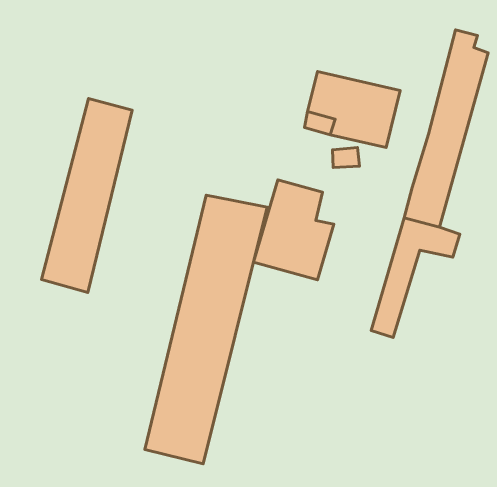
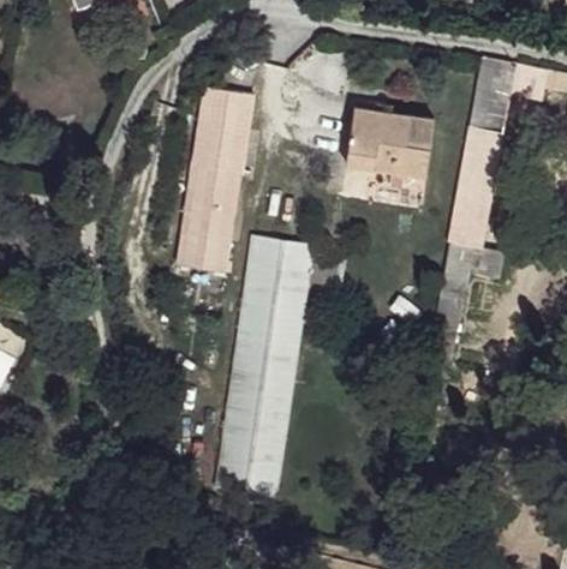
building: [42,99,132,293] -> [178,85,250,272]
building: [254,180,334,280] -> none

